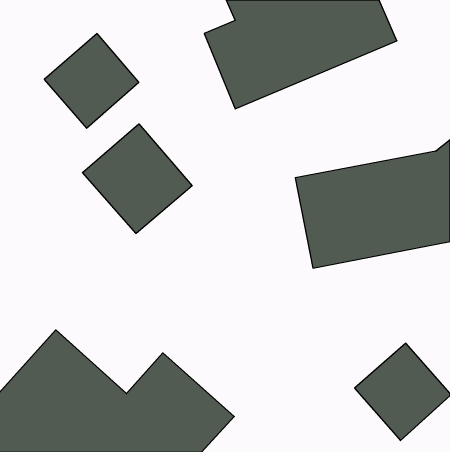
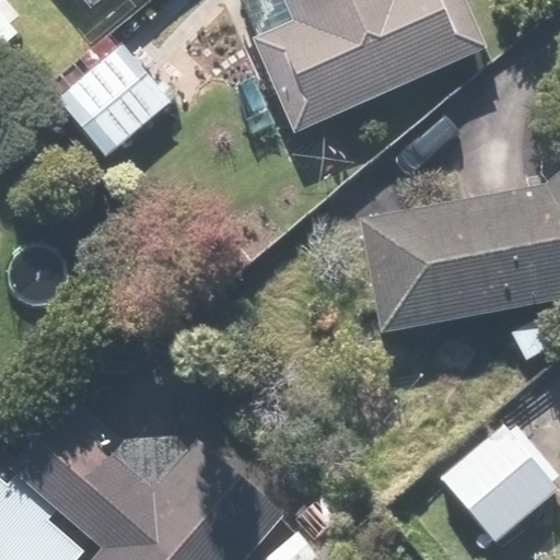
building: [83,124,192,233] -> none

